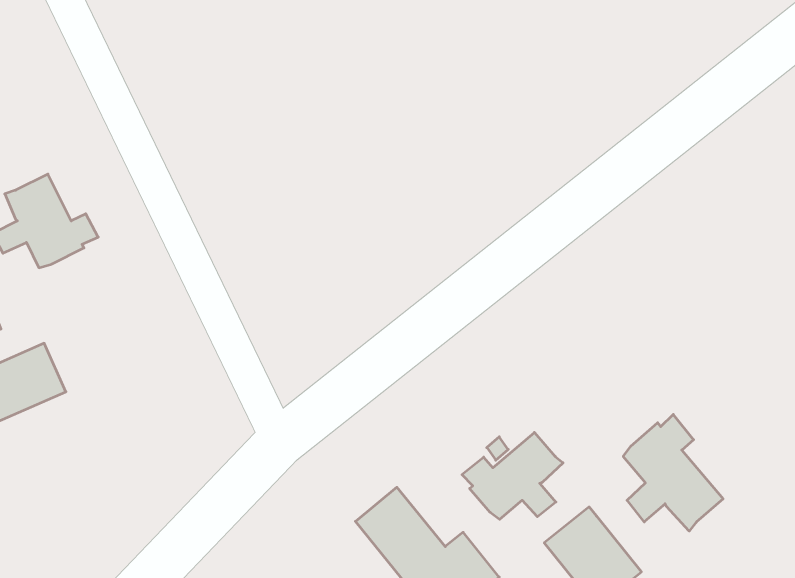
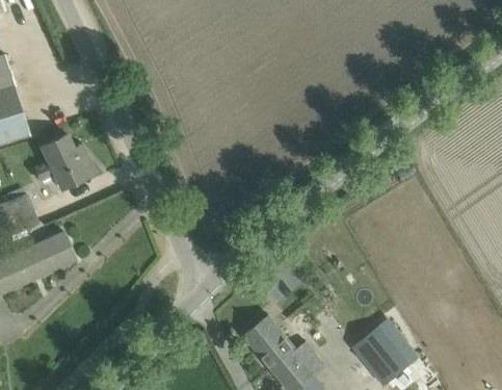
building: [623,414,723,531] -> none
building: [462,432,563,519] -> none

